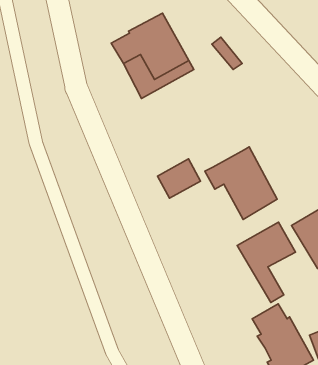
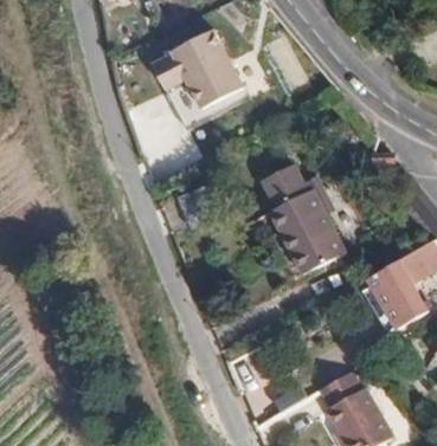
building: [157,159,201,198] -> [257,163,308,209]
building: [237,222,296,303] -> none

